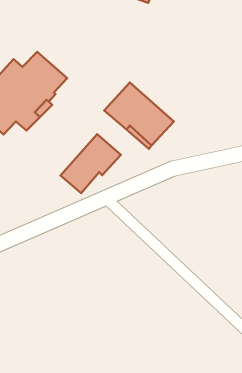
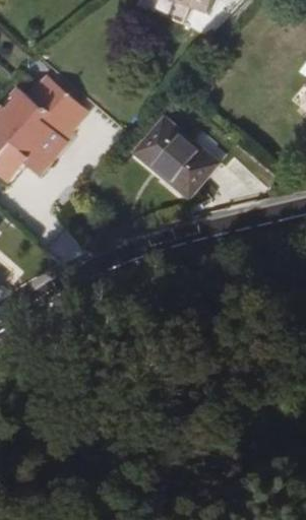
building: [60,134,121,193] -> none

